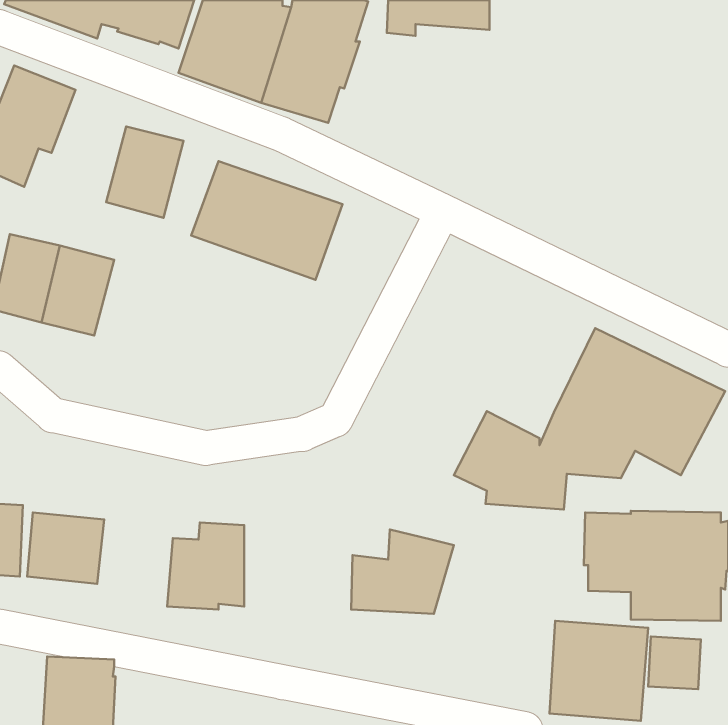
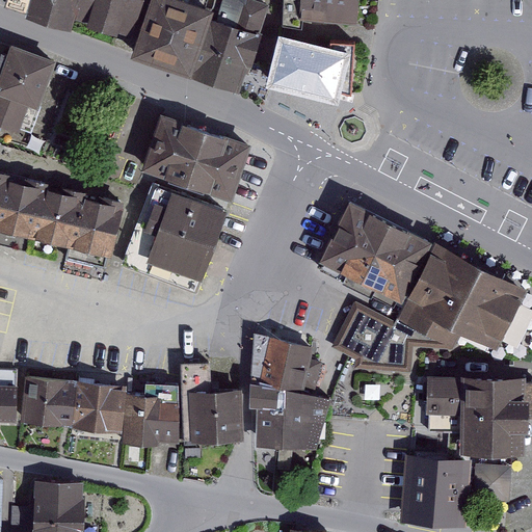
building: none -> [264,33,354,105]
building: [106,127,183,218] -> [69,192,125,259]
building: none -> [121,186,225,294]
building: none -> [319,201,433,307]
building: none -> [249,334,321,410]
building: none -> [181,364,244,444]
building: none -> [71,381,126,434]

